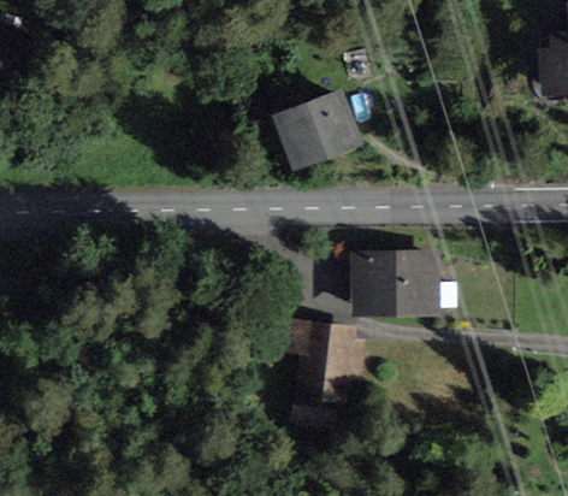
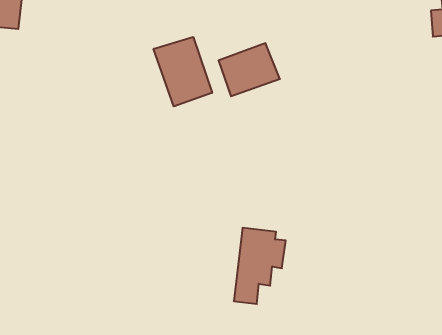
building: none -> [154,37,212,106]
building: [357,255,434,307] -> none

